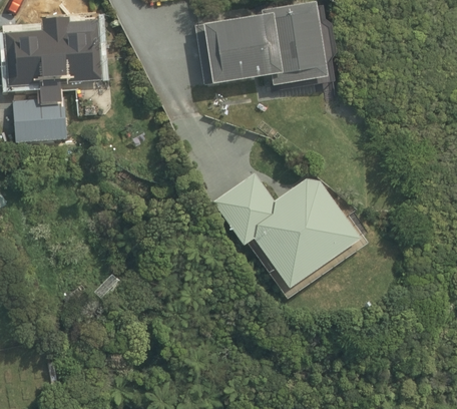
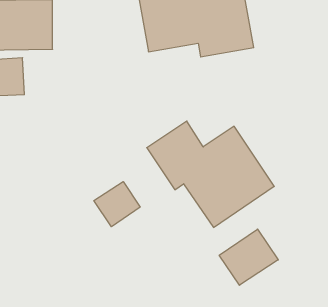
building: none -> [94,182,140,227]
building: none -> [219,229,278,285]

